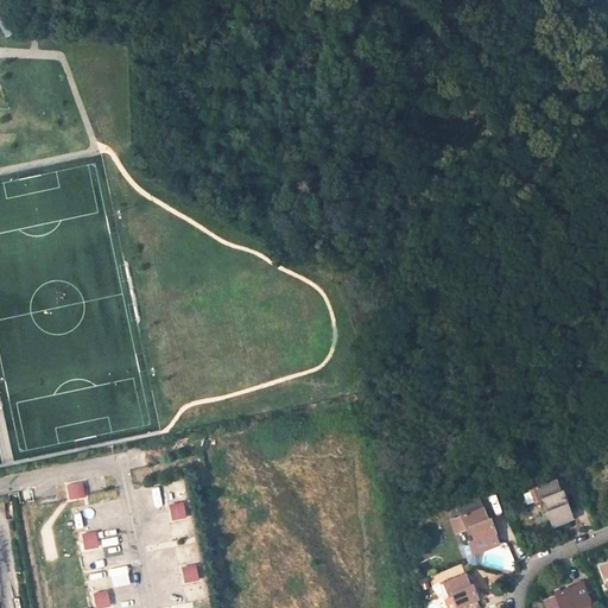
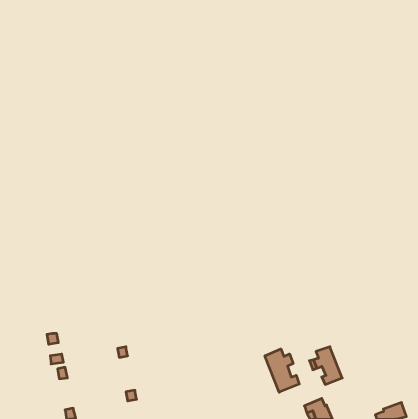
building: [528,483,570,528] -> none
building: none -> [265,349,299,392]

